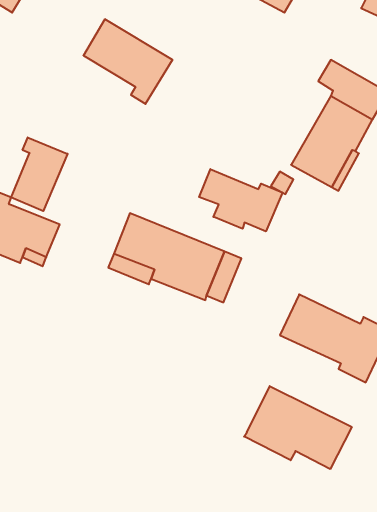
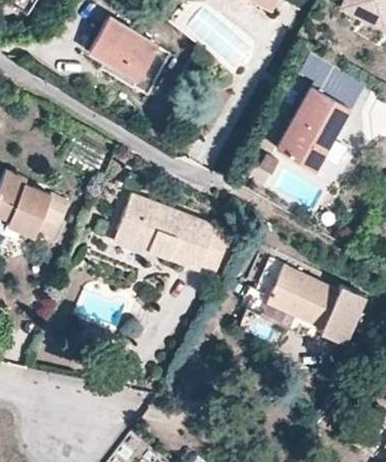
building: [11,137,68,211] -> none
building: [199,169,282,231] -> none
building: [244,386,352,469] -> none

